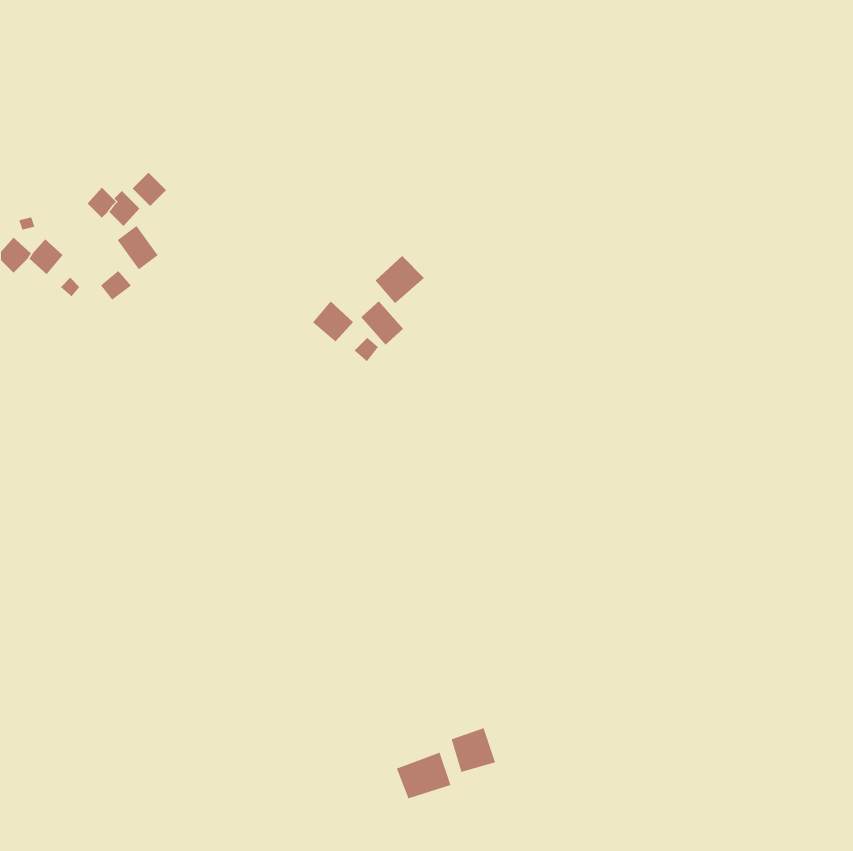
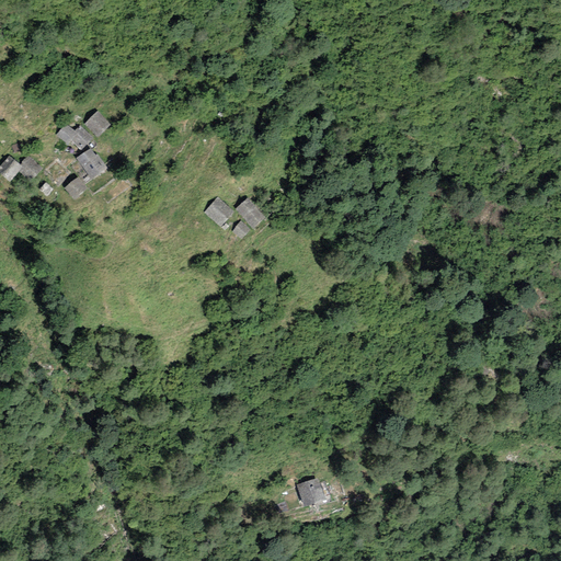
building: [375,255,425,304] -> none
building: [396,752,451,799] -> none

